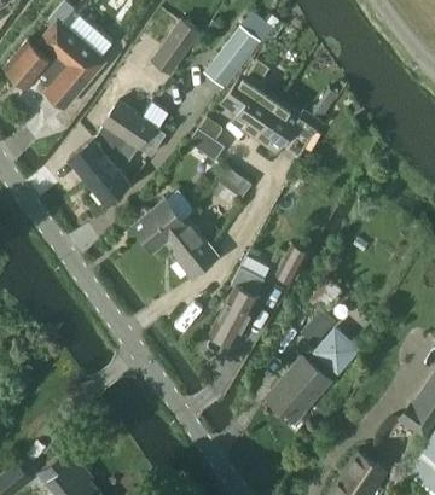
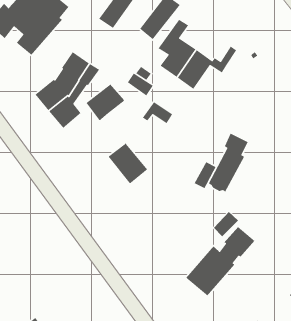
building: [134,200,186,250] -> [85,83,125,121]
building: [210,267,263,345] -> [208,133,249,193]

